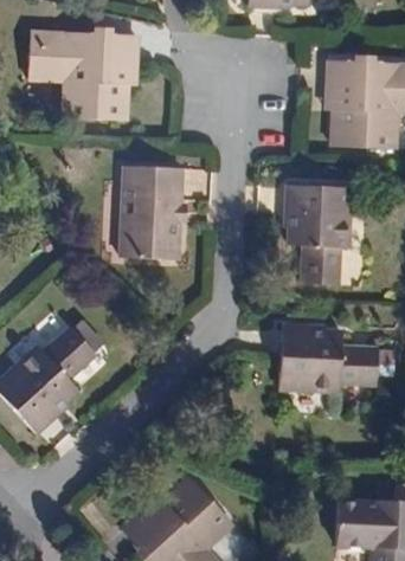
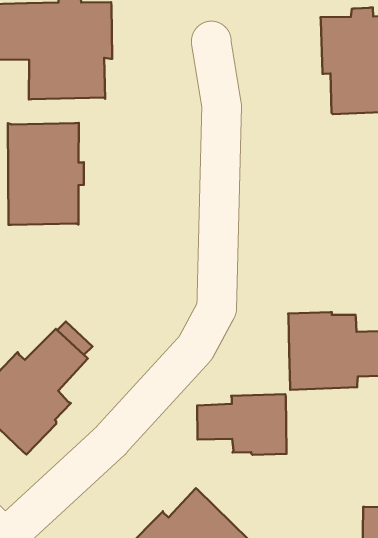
building: [117,163,188,258] -> [8,123,84,225]
building: [282,186,352,288] -> none
building: none -> [197,394,287,455]

